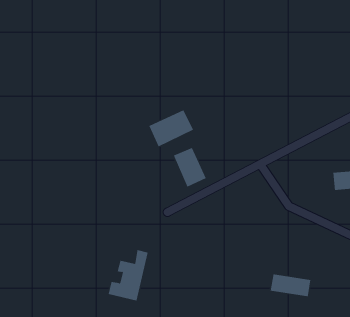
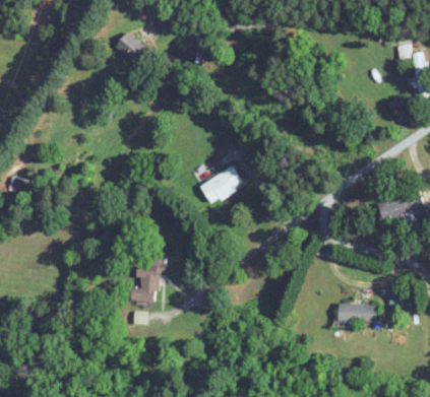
building: [173,147,207,187] -> none
building: [108,250,148,301] -> [129,255,161,303]

